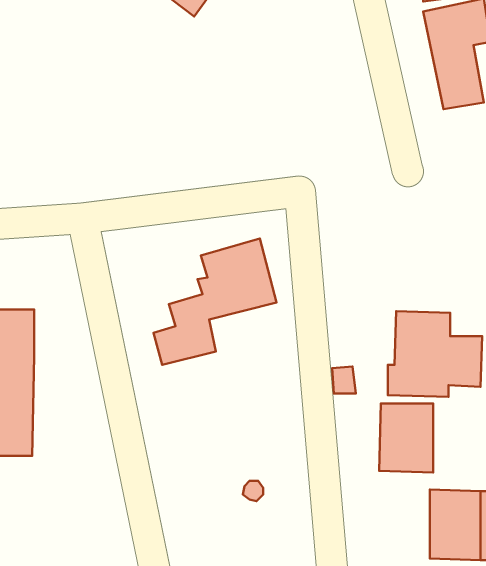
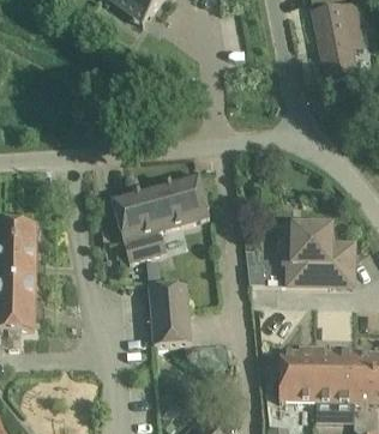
building: none -> [110,185,158,240]
building: none -> [149,283,191,345]
building: [379,403,433,472] -> [278,351,317,400]

